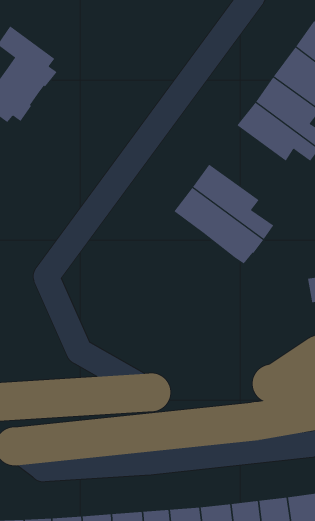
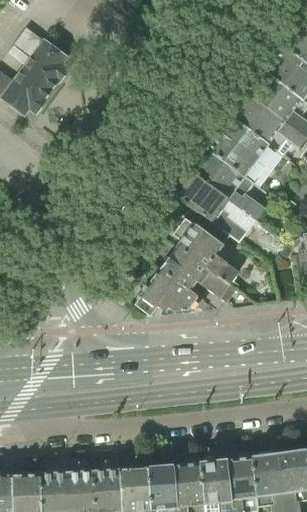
building: none -> [207,116,277,184]
building: none -> [137,214,240,315]

